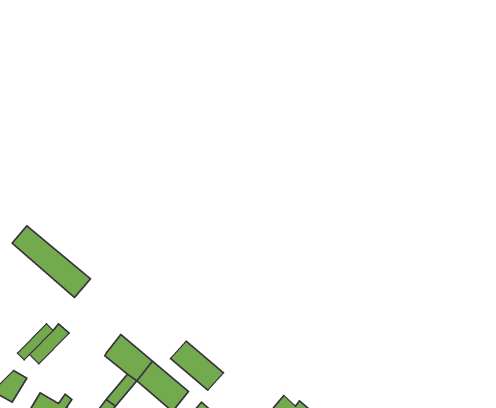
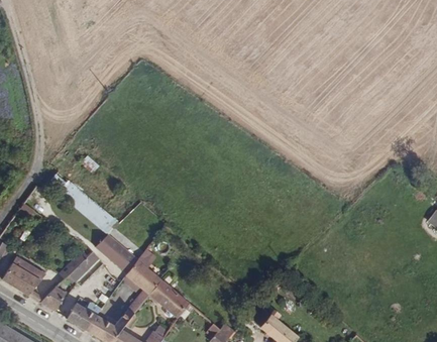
building: none -> [95,234,138,273]
building: [171,341,223,390] -> none

